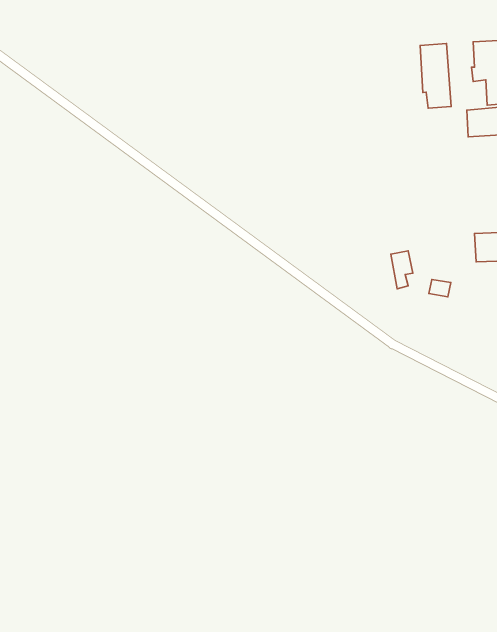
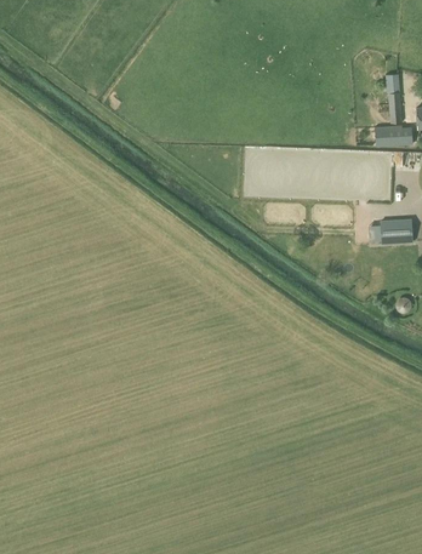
building: [420,44,451,108] -> none

